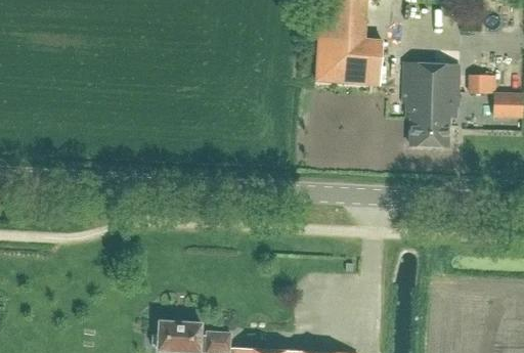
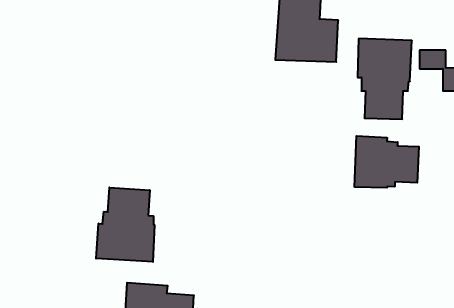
building: none -> [355,136,419,188]
building: none -> [96,187,155,262]

